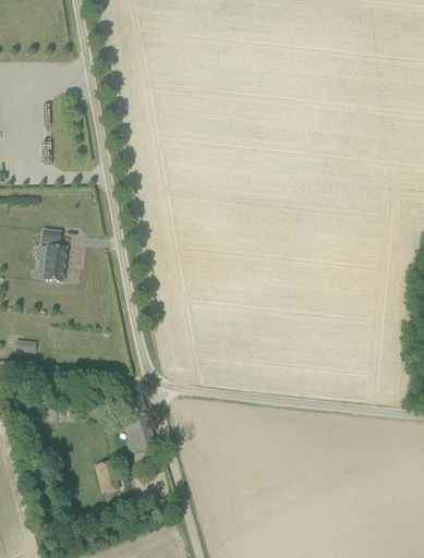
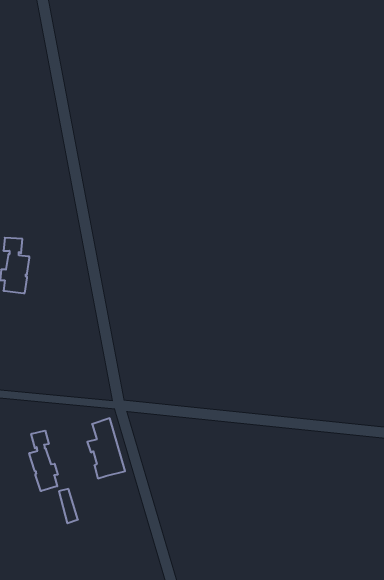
building: none -> [29,431,58,491]

